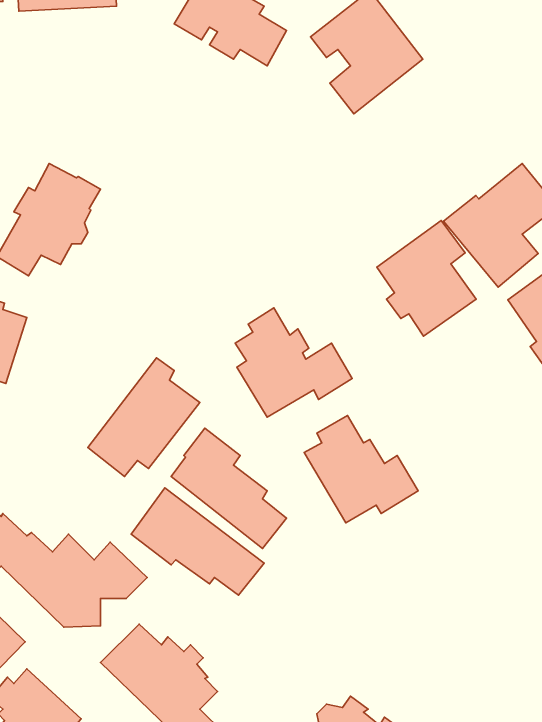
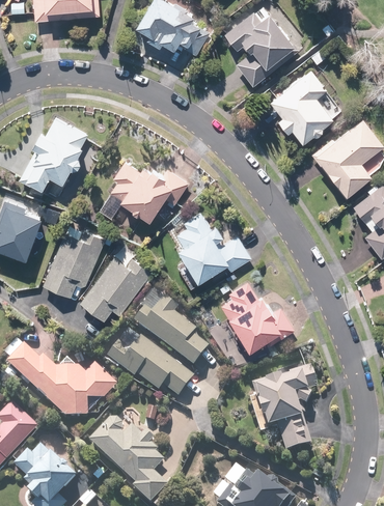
building: [377,221,476,336] -> [271,69,335,144]
building: none -> [101,161,191,221]
building: none -> [44,225,106,297]
building: none -> [252,366,319,452]

